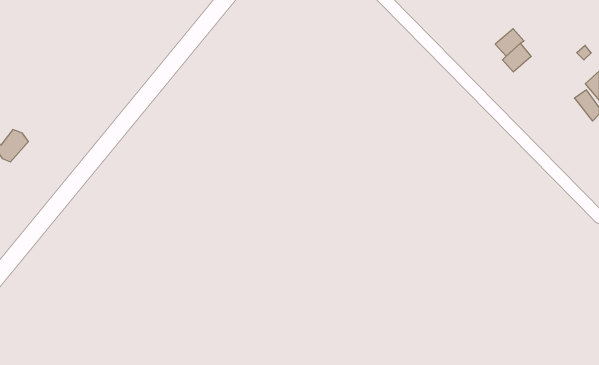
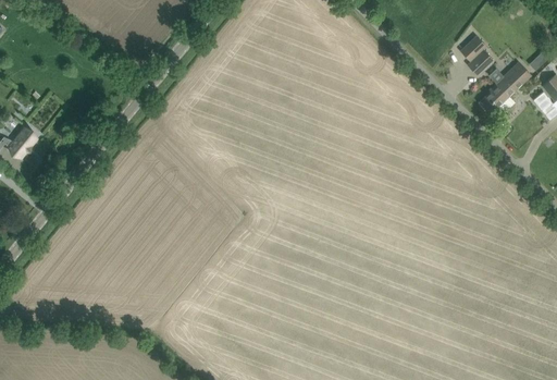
building: none -> [478,68,529,118]

